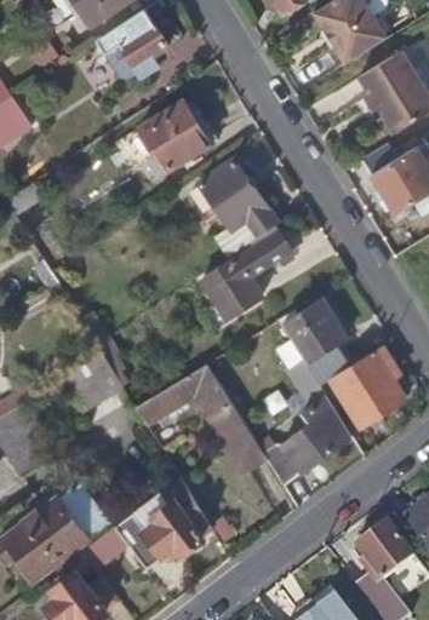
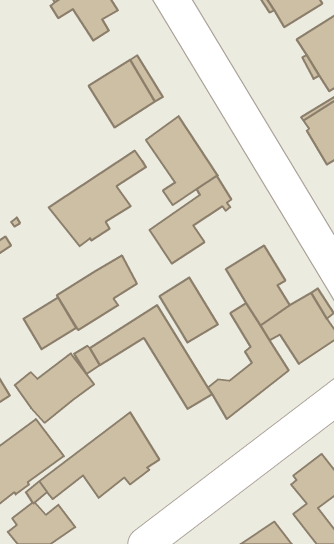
building: none -> [49,151,146,246]
building: none -> [57,255,137,330]
building: none -> [160,277,218,343]
building: none -> [15,353,94,423]

